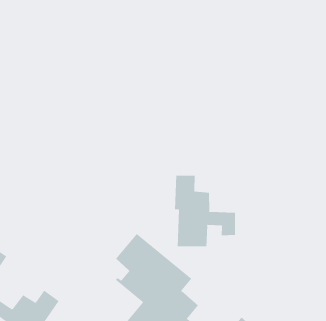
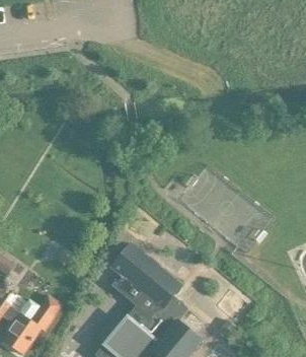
building: [174,175,236,247] -> none

